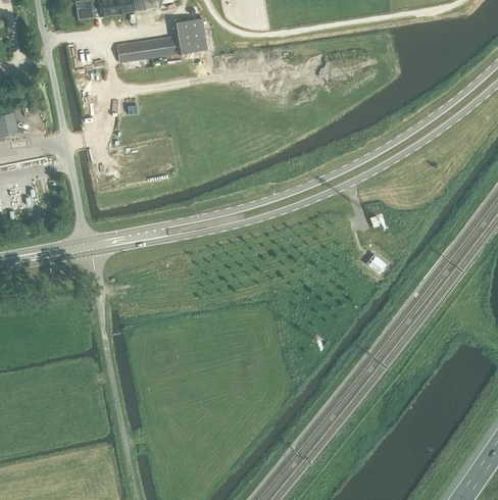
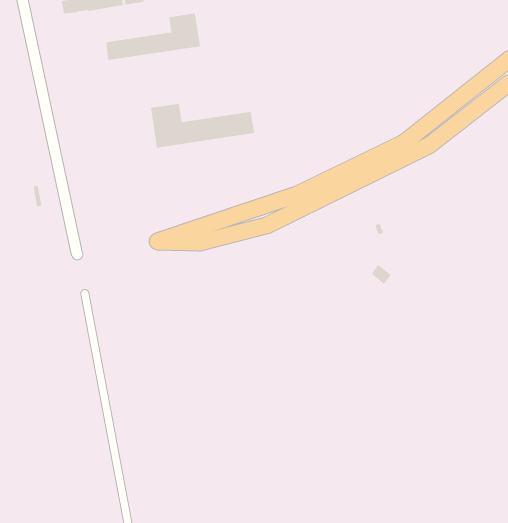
building: none -> [151,103,255,148]

